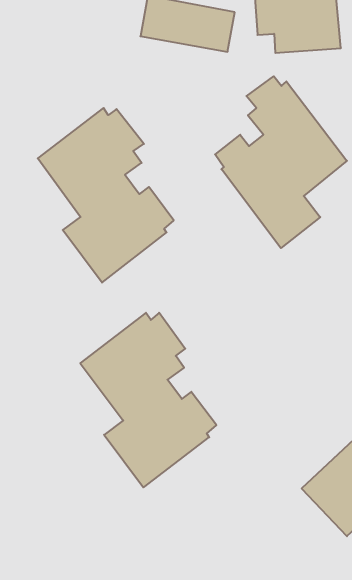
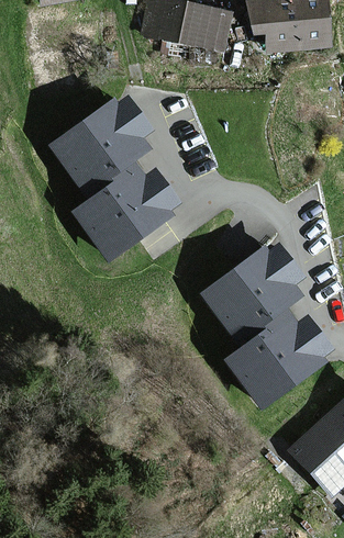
building: [215,76,347,248] -> none
building: [80,313,216,487] -> [202,247,328,407]

